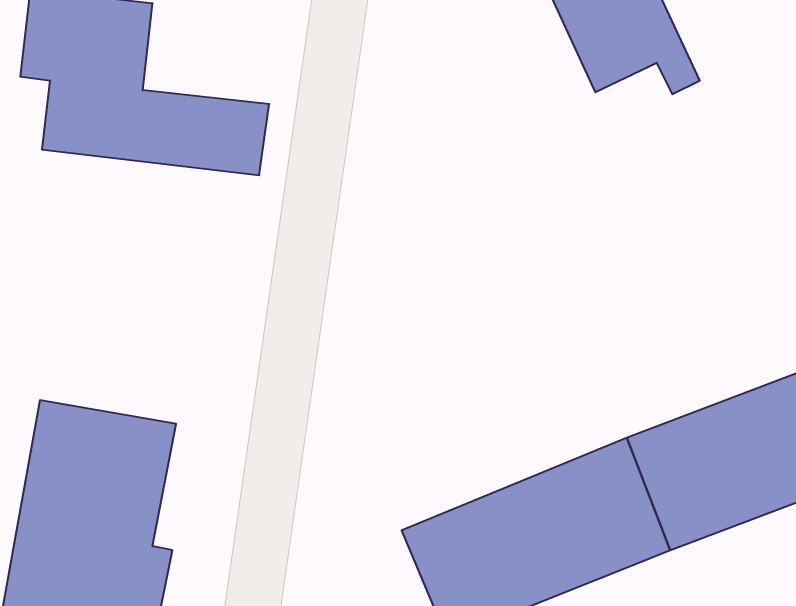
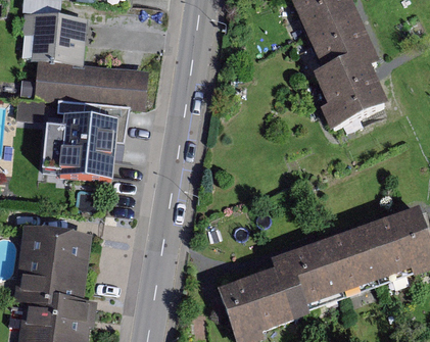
building: none -> [307,45,376,123]
building: none -> [55,112,126,179]

